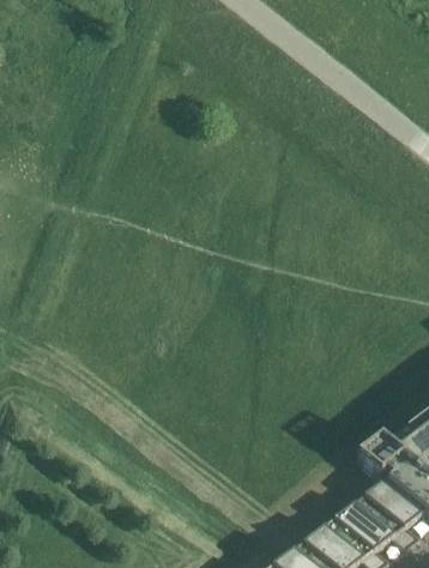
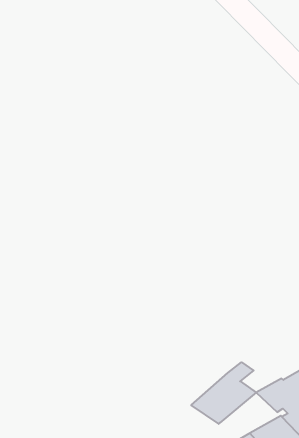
building: none -> [191,362,256,424]

